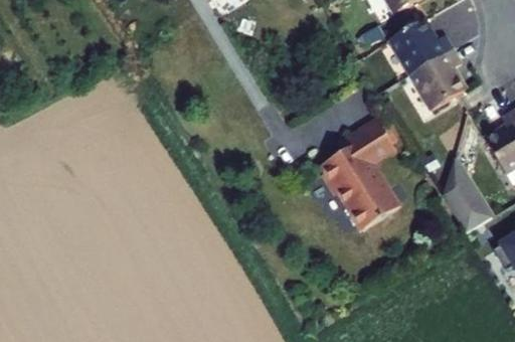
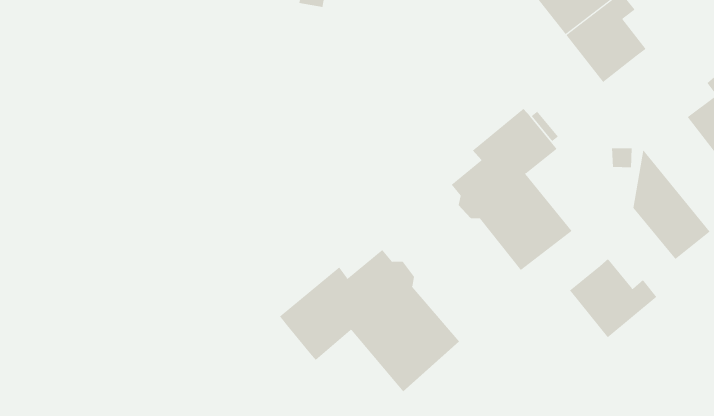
building: none -> [279,249,460,392]
building: none -> [569,258,657,338]

